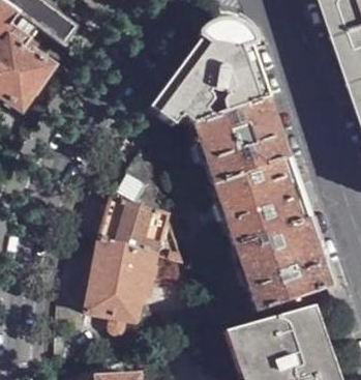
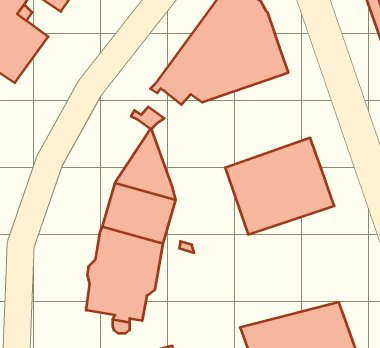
building: [188,98,287,184] -> none
building: [231,218,331,311] -> none

